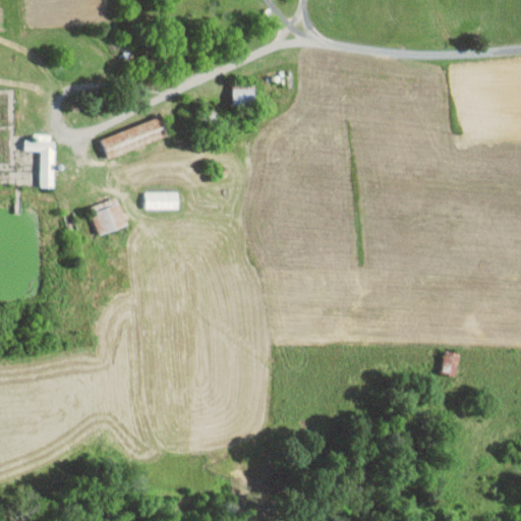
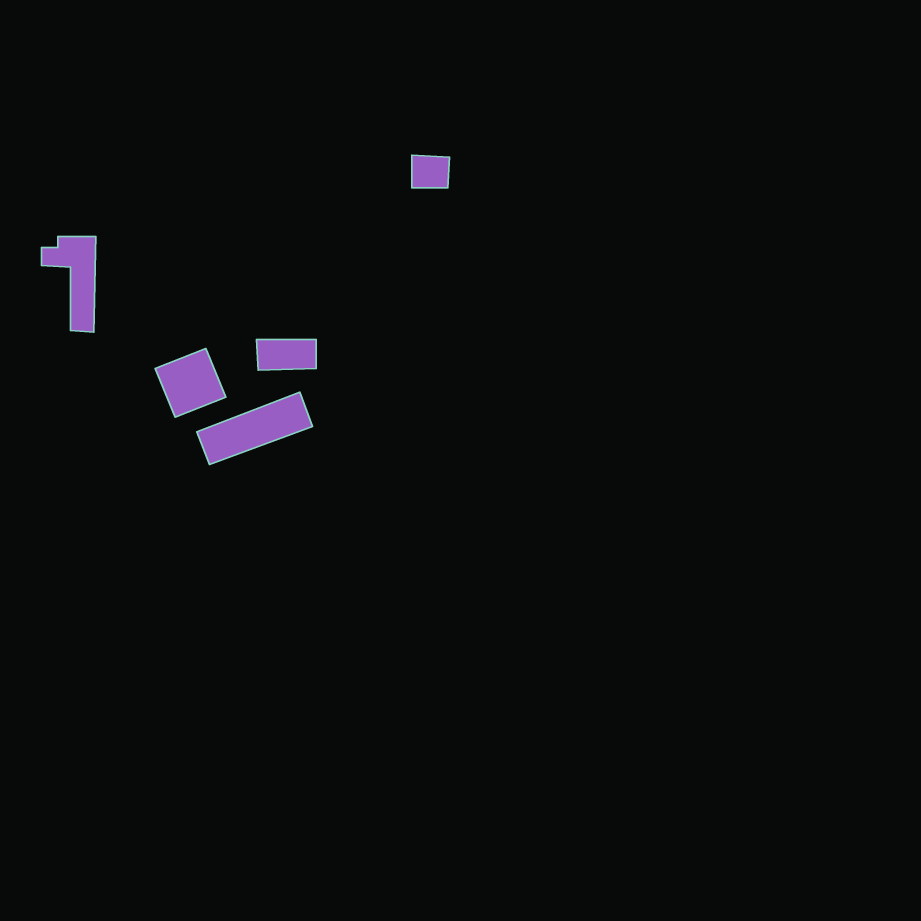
building: [101,117,166,158] -> [197,392,312,464]
building: [441,350,460,377] -> none

